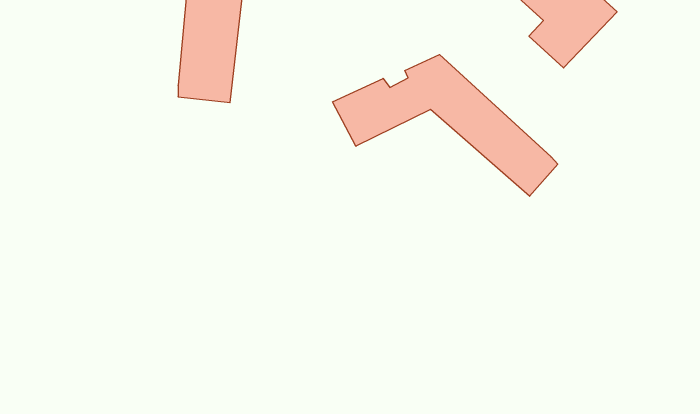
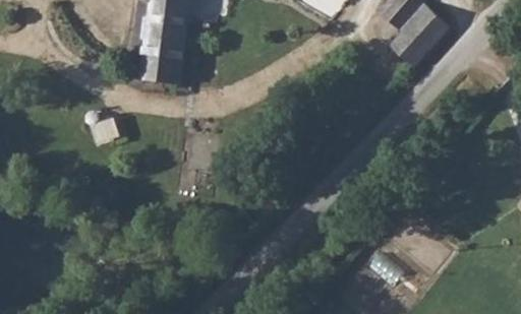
building: [333,55,558,196] -> none

